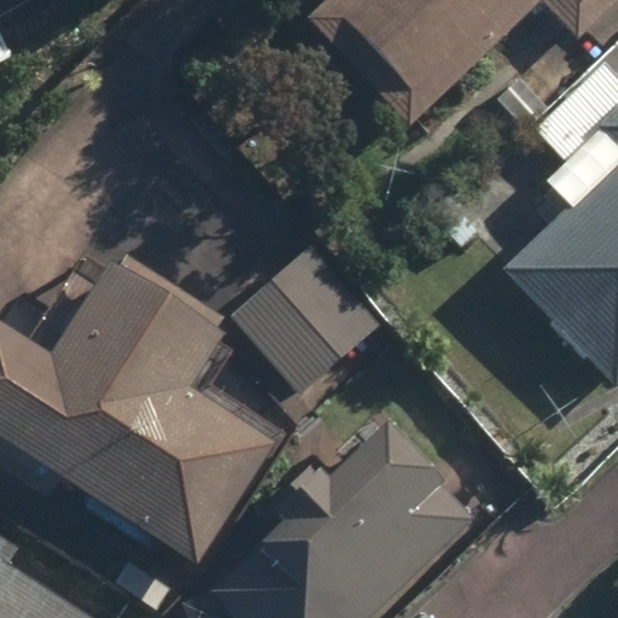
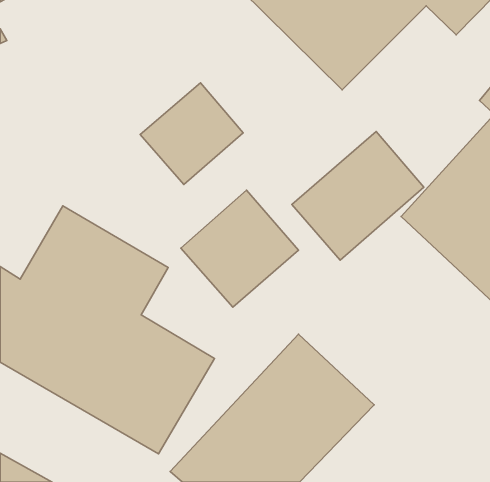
building: none -> [140,83,243,184]
building: none -> [292,131,424,260]

